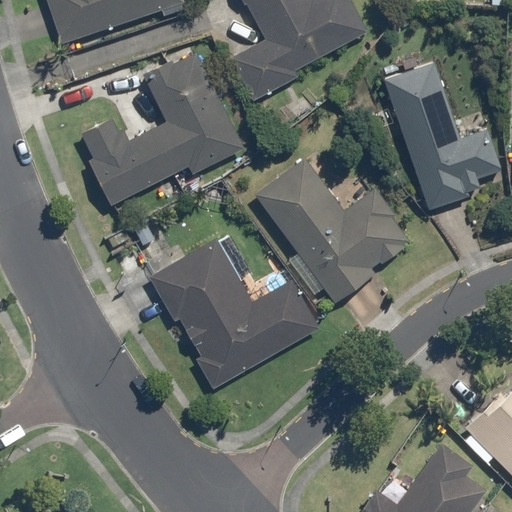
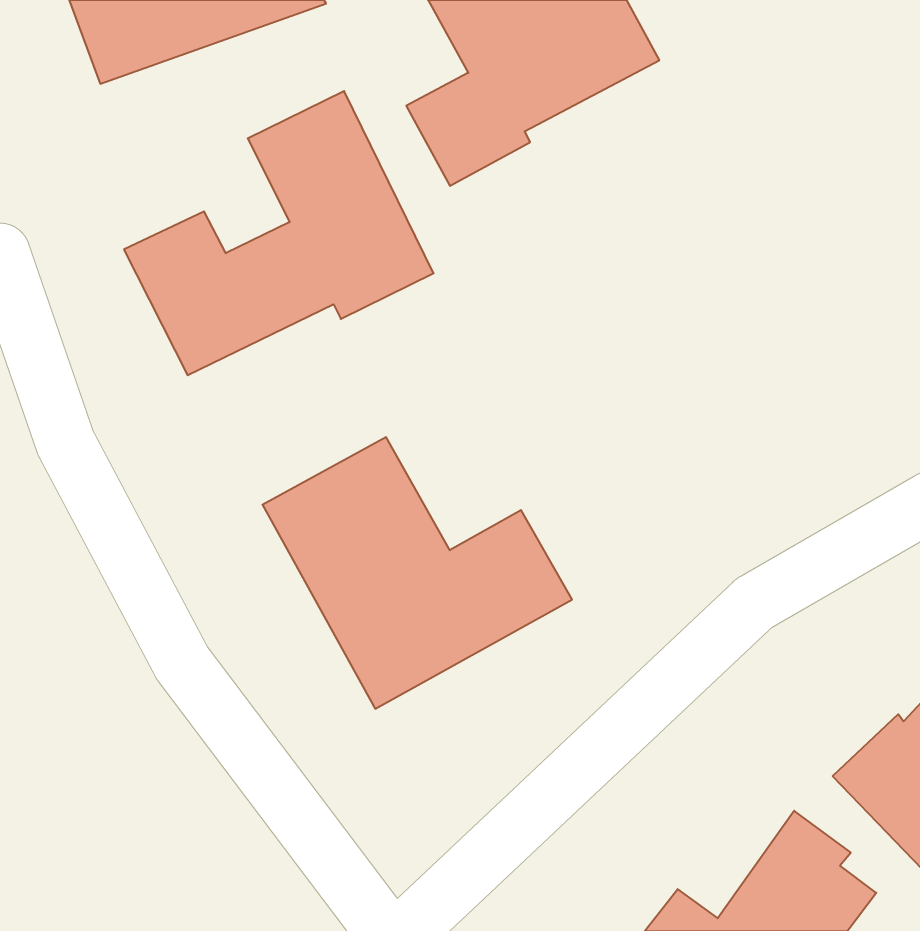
building: [383,63,501,211] -> none
building: [255,158,416,304] -> none

